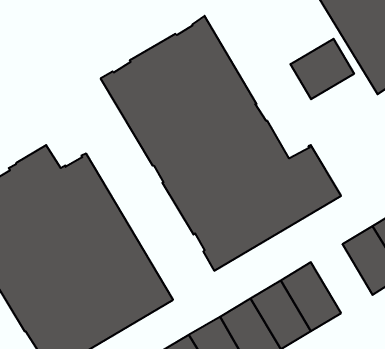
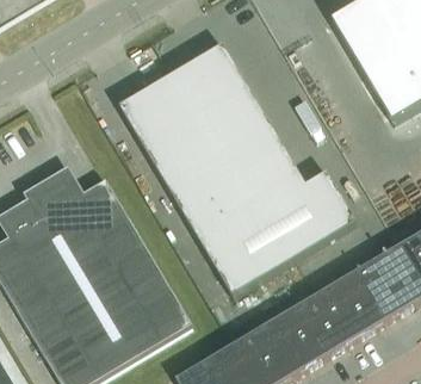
building: [290,39,354,99] -> none
building: none -> [327,268,388,336]

